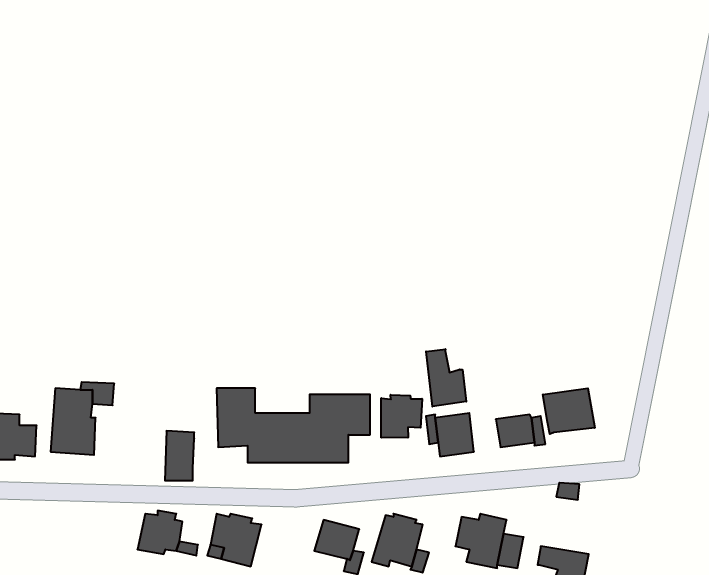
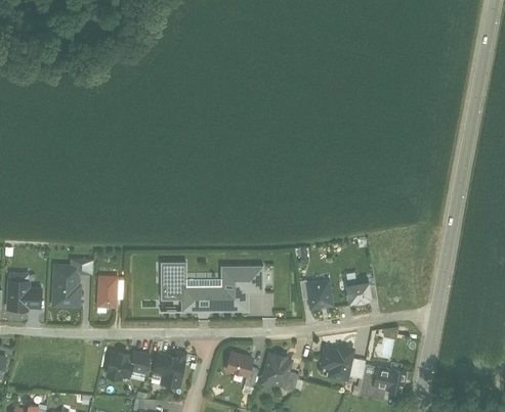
building: [426,349,466,407] -> none
building: [543,388,595,434] -> none
building: [381,395,422,438] -> none
building: [165,431,194,481] -> [95,275,115,308]

